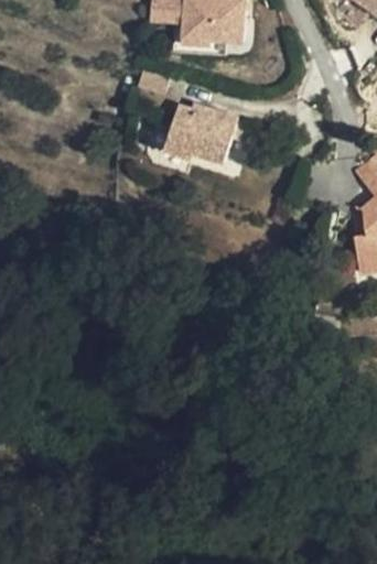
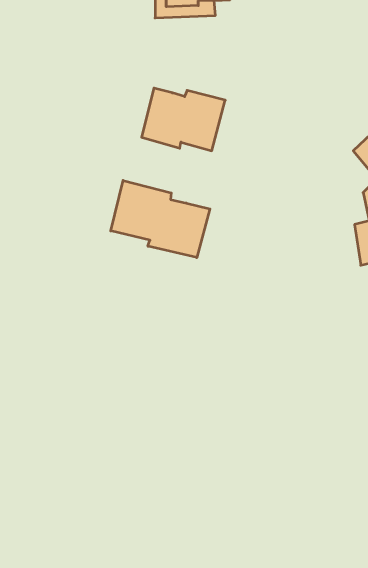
building: none -> [111,180,210,258]

